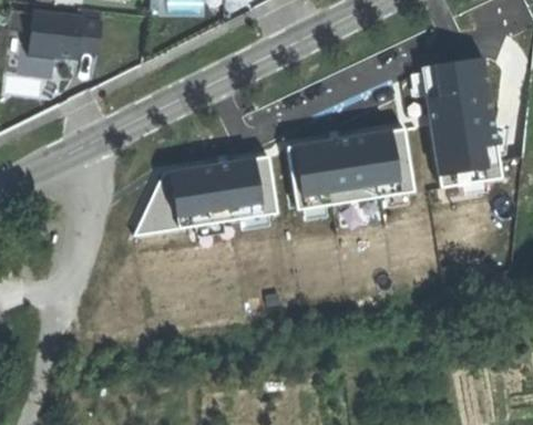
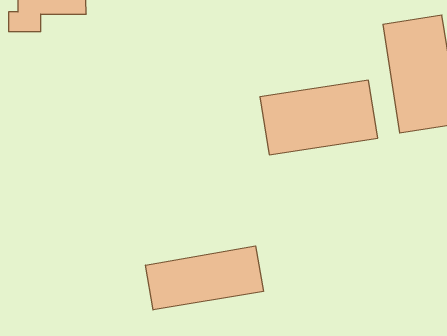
building: [136,153,277,234] -> none
building: none -> [146,246,263,310]

